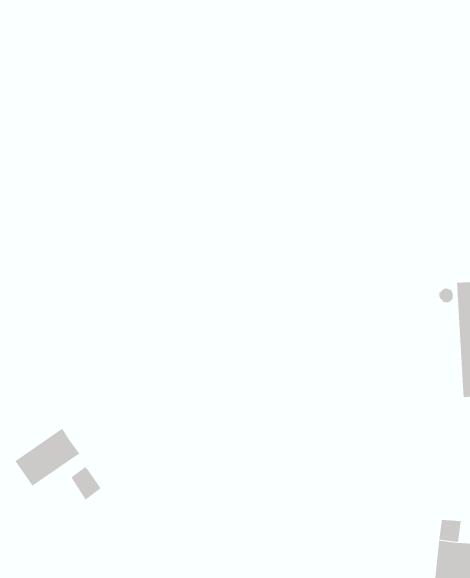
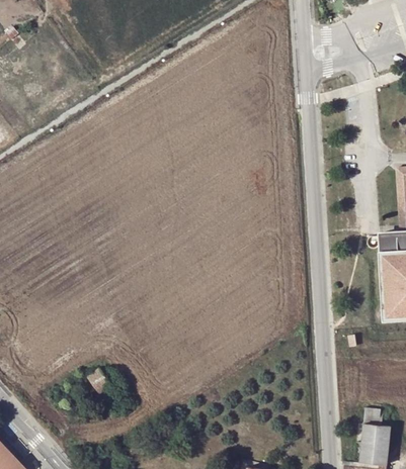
building: [15,428,80,487] -> none

